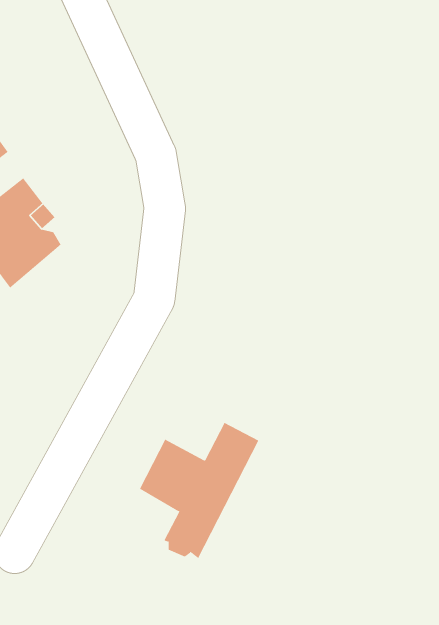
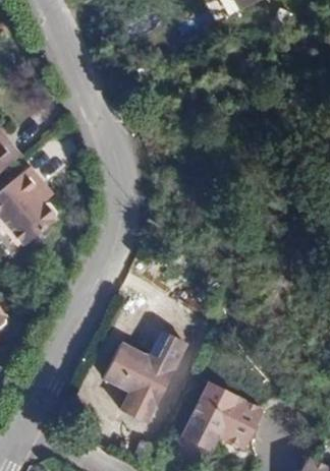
building: none -> [181,385,257,448]

